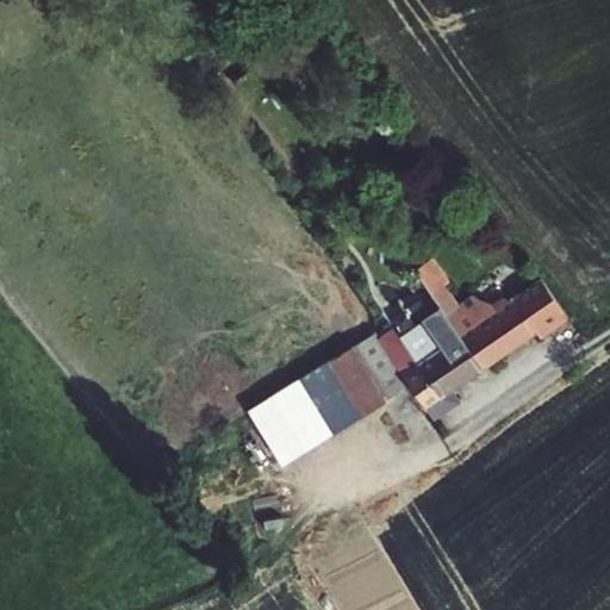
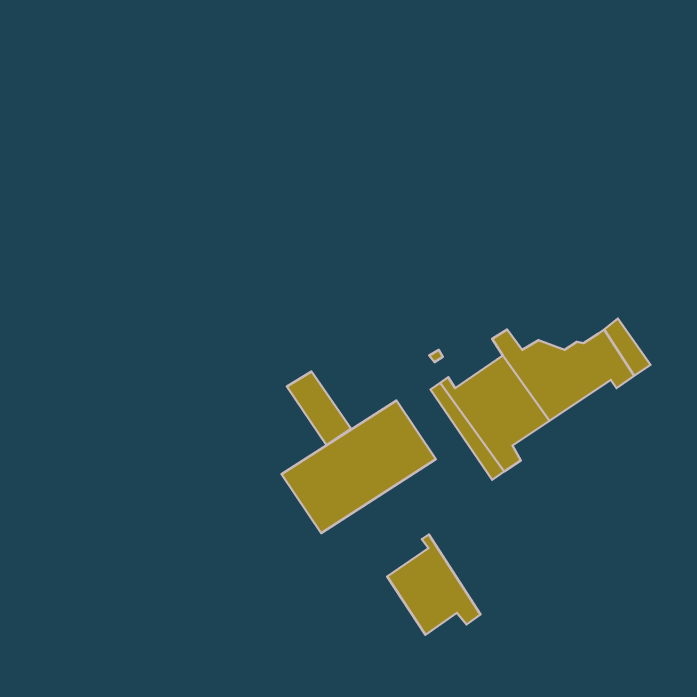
building: [347,337,403,402] -> [287,371,351,445]
building: none -> [387,534,480,635]

